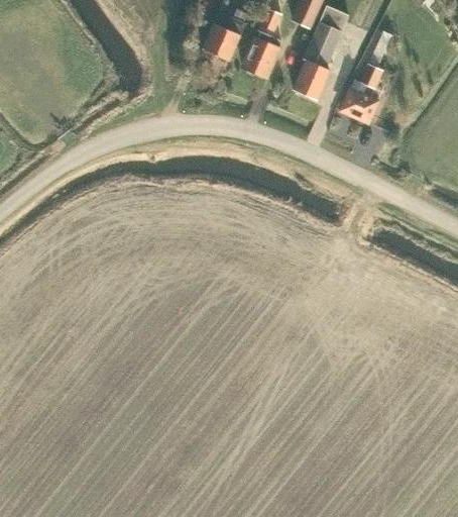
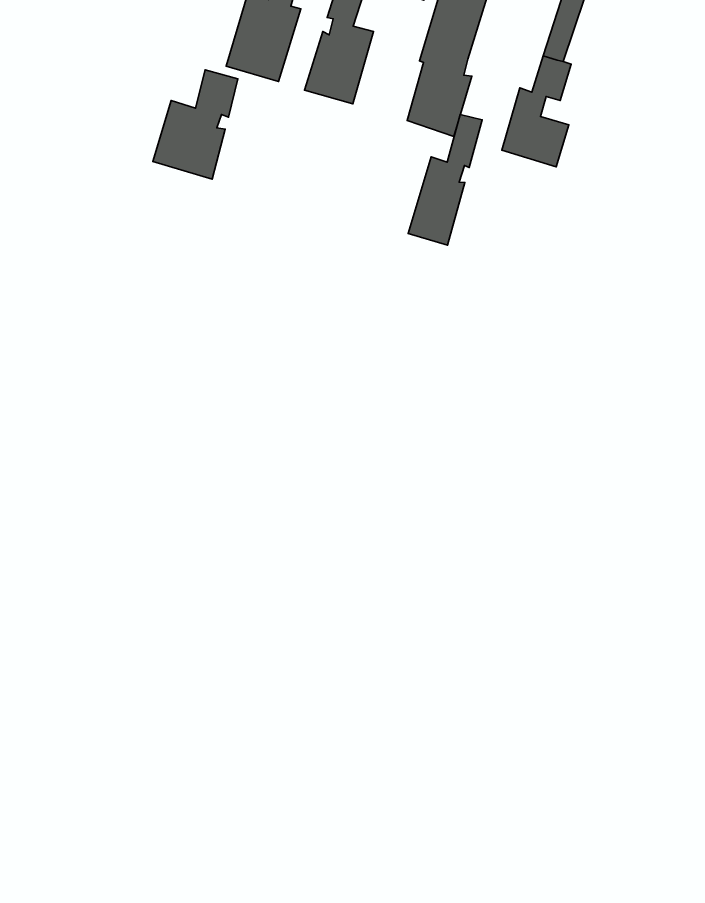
building: none -> [153,70,238,179]
building: none -> [408,114,482,245]

